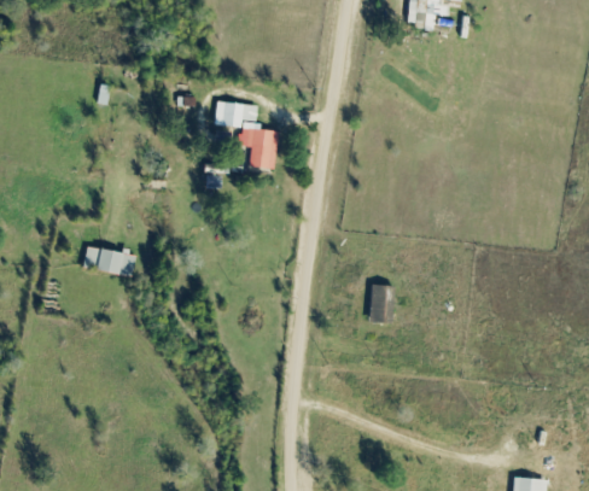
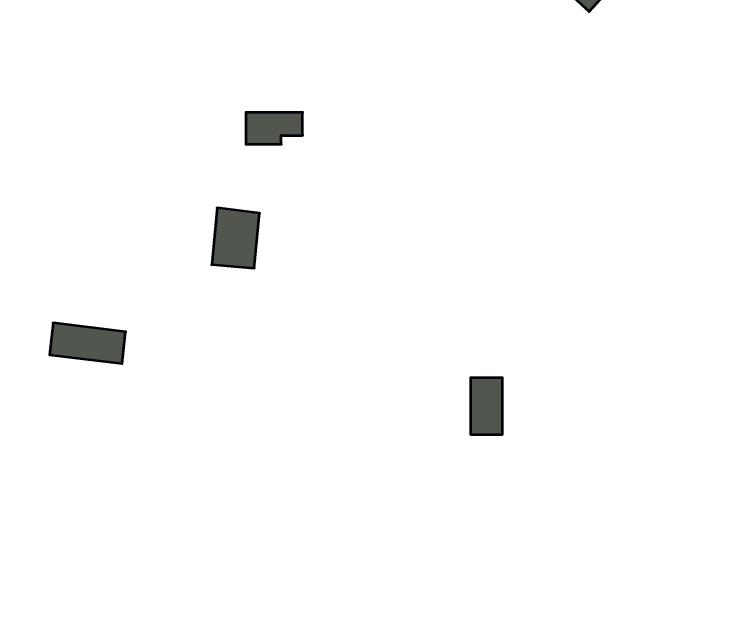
building: [245,127,278,168] -> [212,208,260,268]

